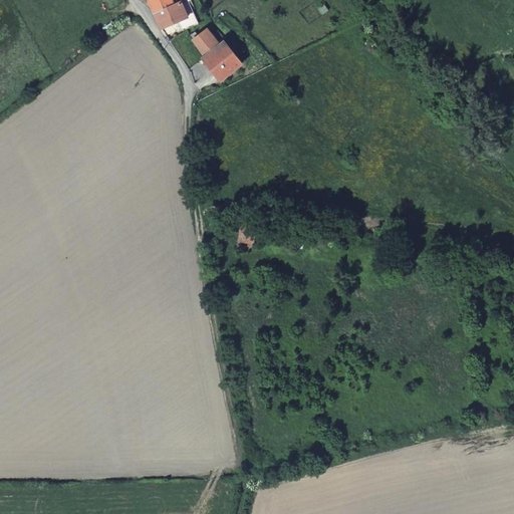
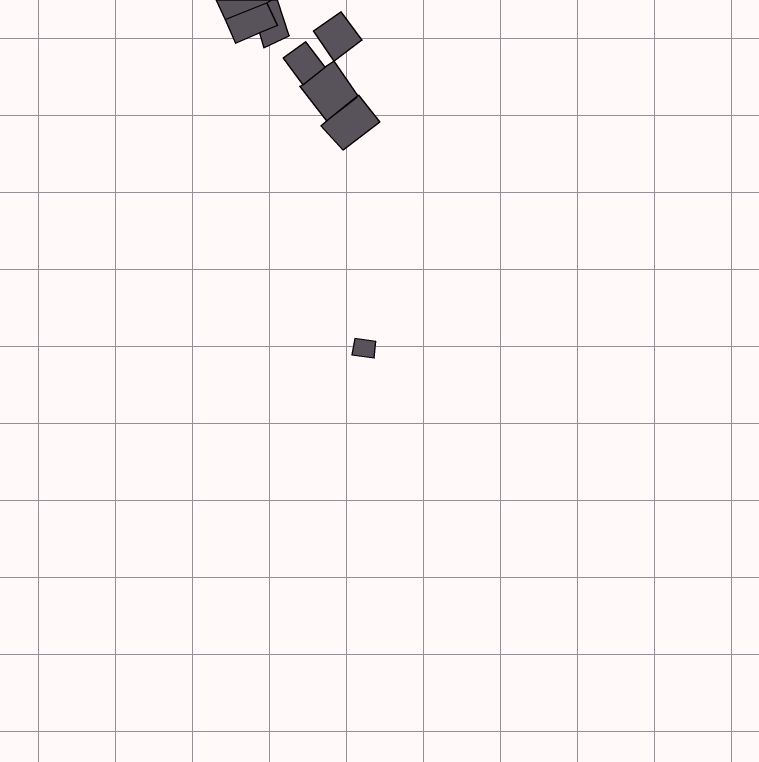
building: none -> [313,12,362,61]
building: none -> [321,95,380,150]

